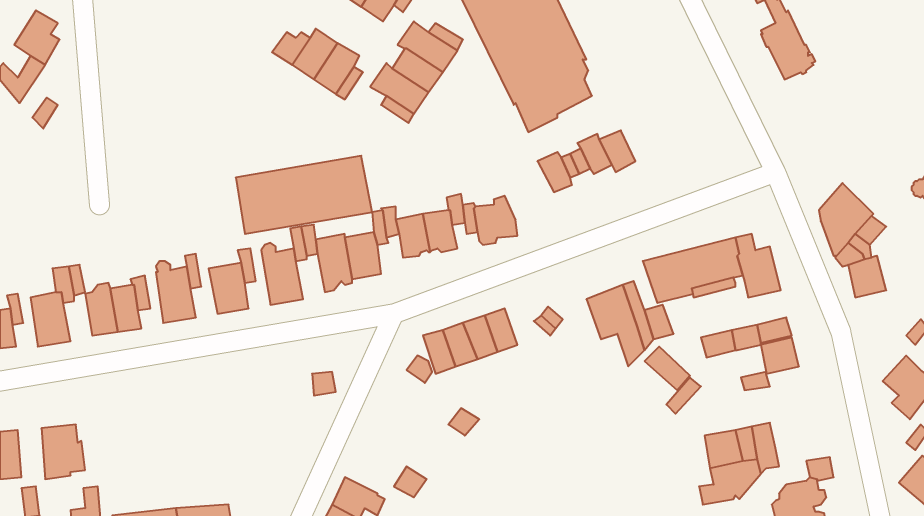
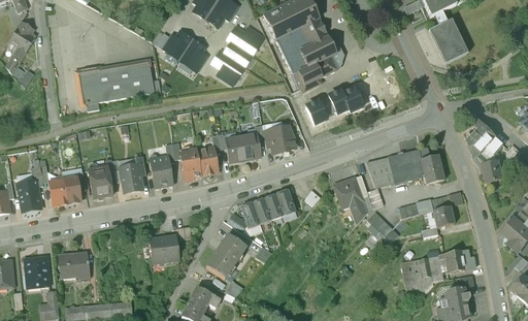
building: [236,156,372,234] -> [77,60,155,104]
building: none -> [207,234,245,278]
building: none -> [151,235,178,262]
building: none -> [438,251,475,272]
building: none -> [59,252,91,279]

